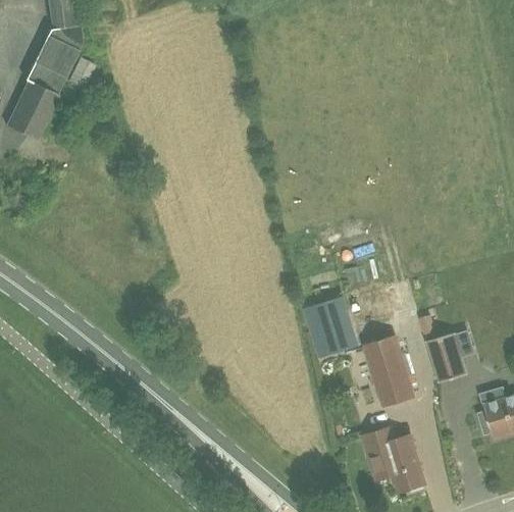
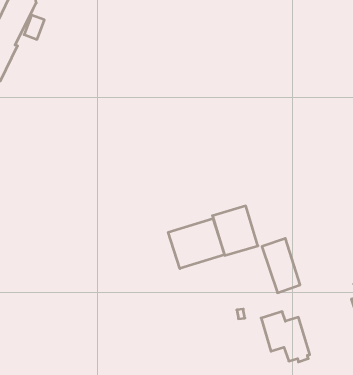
building: none -> [168,219,224,269]
building: [426,331,466,380] -> none

